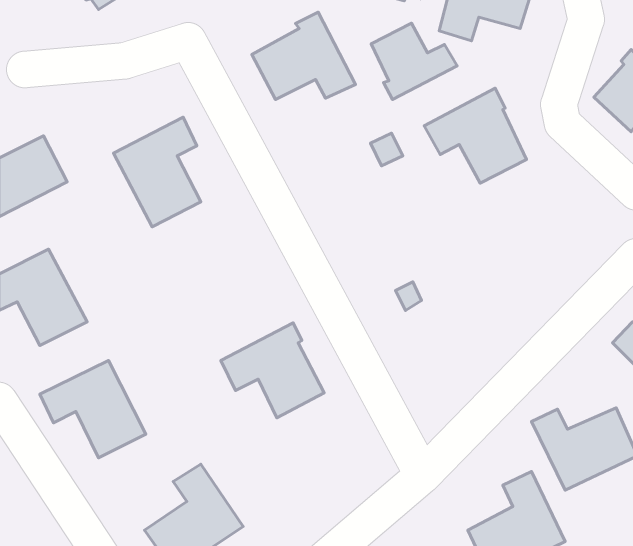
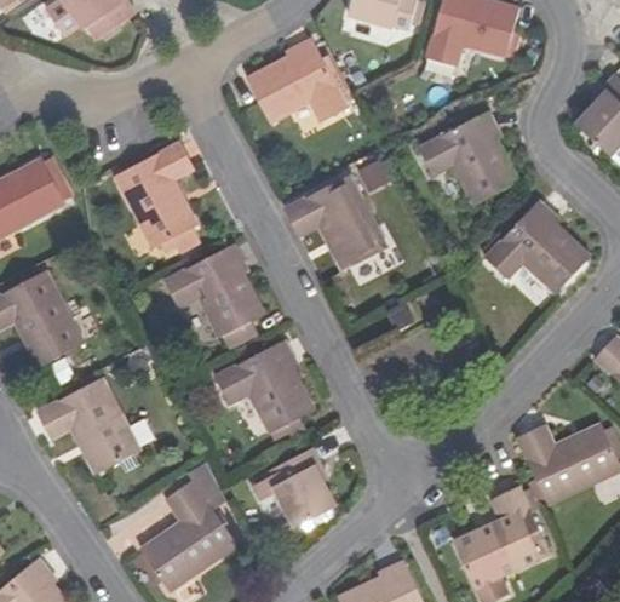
building: [371,23,457,99] -> none
building: none -> [282,173,386,269]
building: none -> [482,203,587,296]
building: none -> [163,246,264,338]
building: none -> [254,446,338,523]

